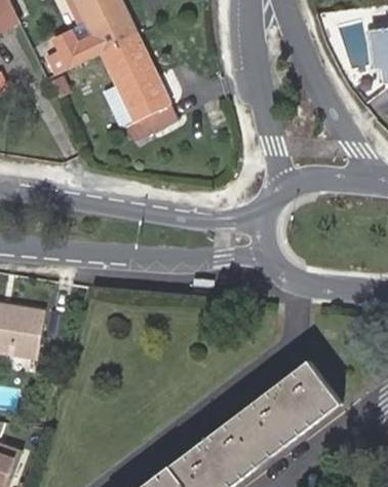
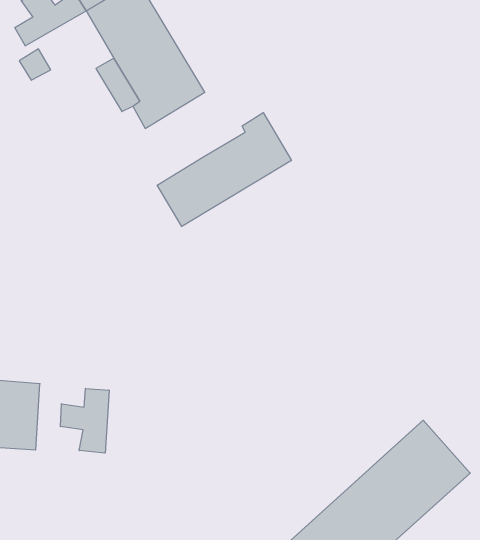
building: none -> [157,113,291,226]
building: none -> [60,388,109,453]

